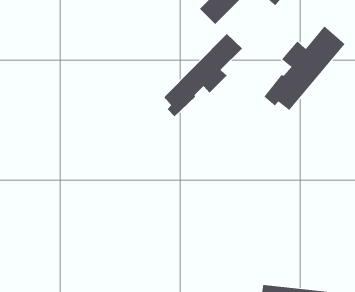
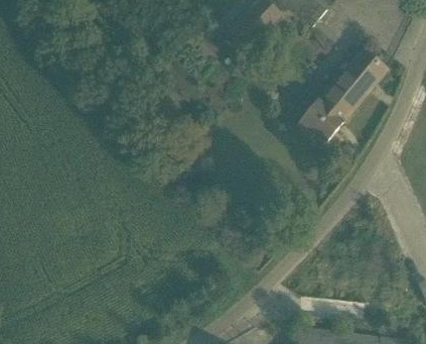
building: [163,33,243,117] -> none

